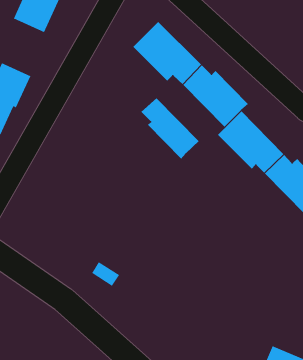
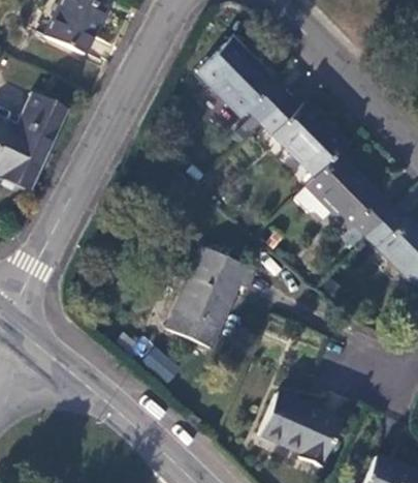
building: [141,97,200,160] -> none
building: none -> [166,248,254,349]
building: none -> [258,393,341,469]

